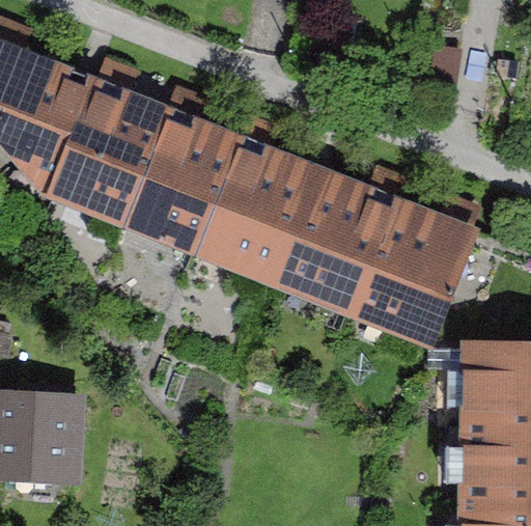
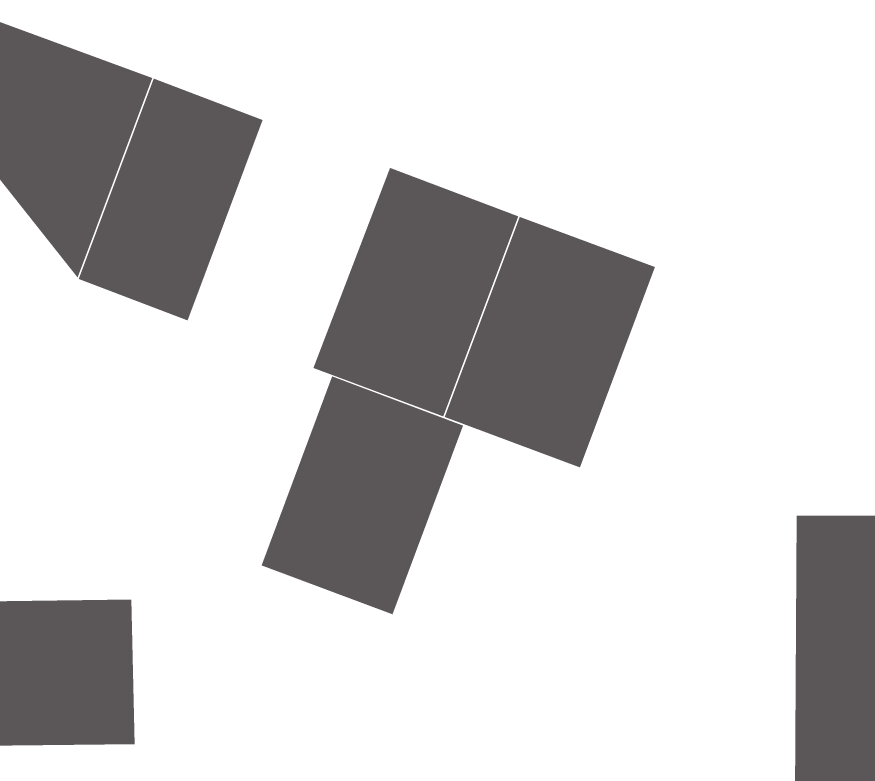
building: [112,105,231,252] -> none
building: [344,192,481,345] -> none
building: none -> [261,376,464,615]

